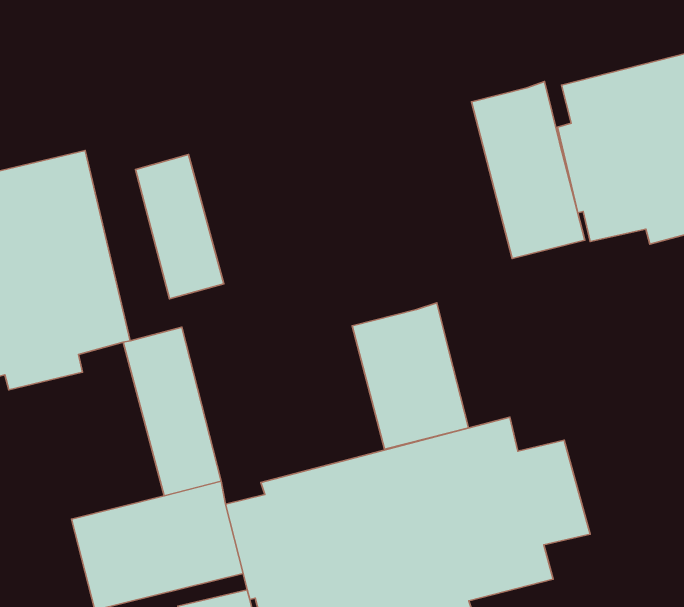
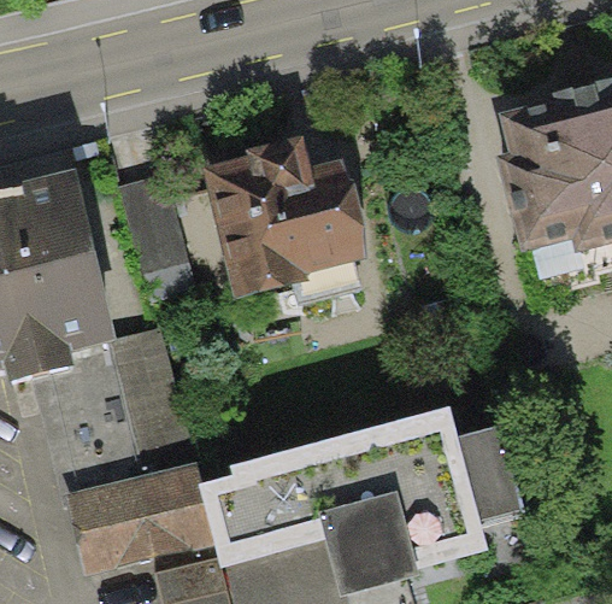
building: [472,81,585,259] -> none
building: none -> [204,133,370,300]
building: [352,303,469,449] -> none

